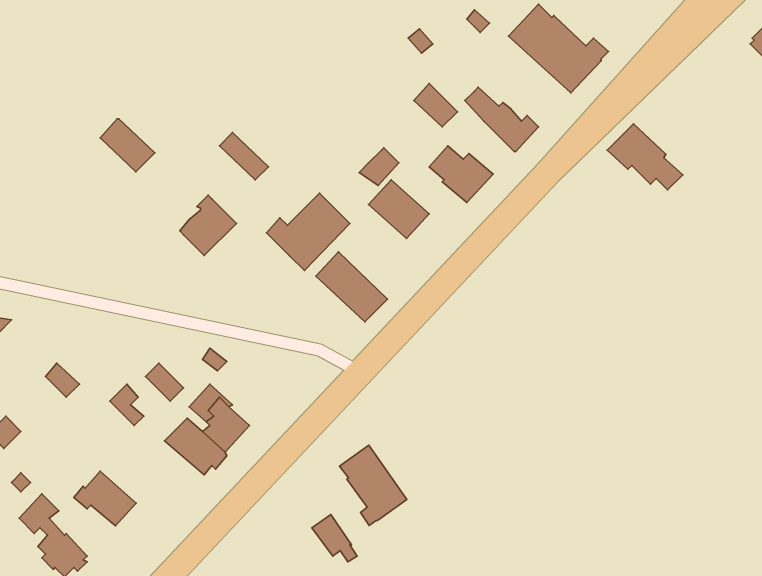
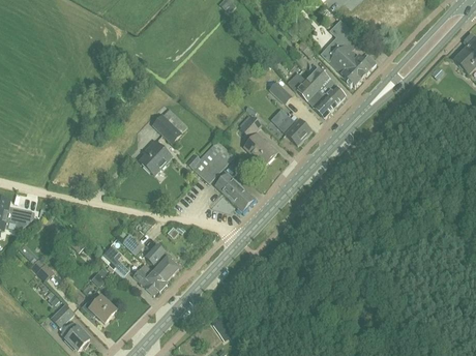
building: [100,119,155,172] -> [151,114,181,143]
building: [607,124,683,190] -> [303,67,345,103]
building: [340,445,407,526] -> none

